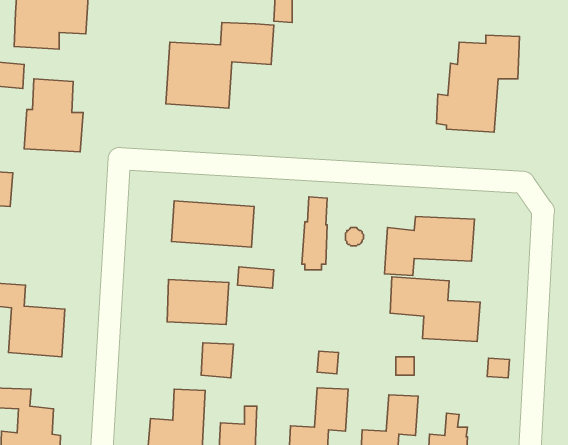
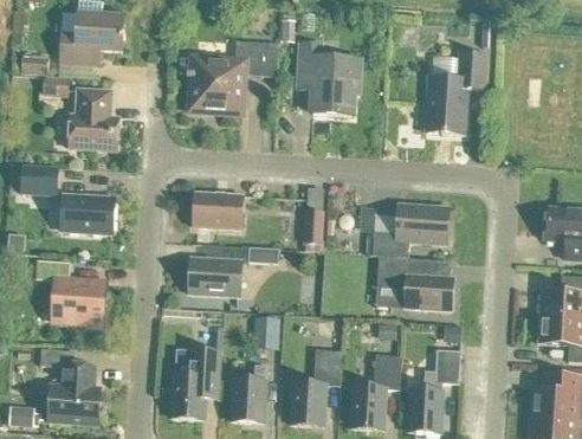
building: none -> [298,41,358,115]
building: none -> [62,195,114,233]
building: [201,343,234,378] -> [253,318,280,348]
building: none -> [434,349,460,383]

